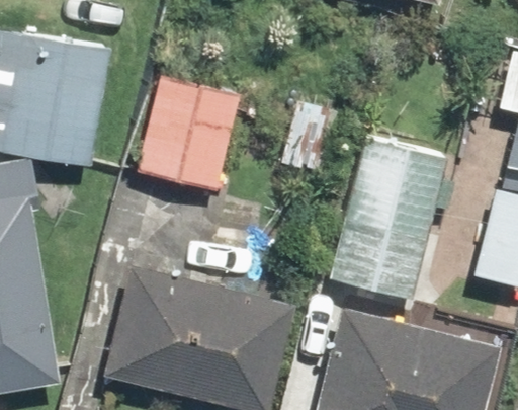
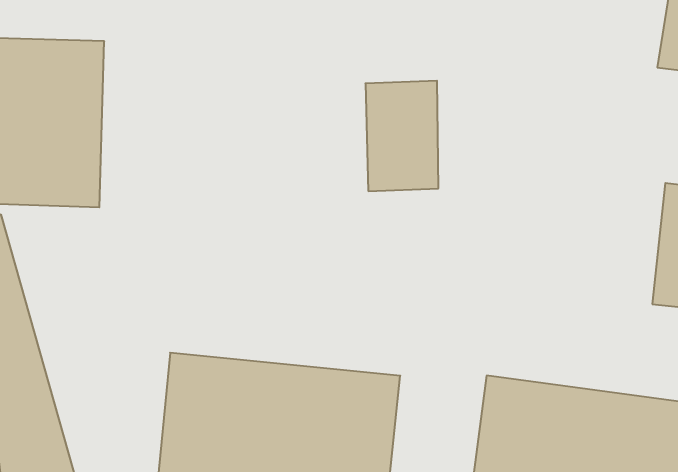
building: [140,75,240,191] -> none
building: [325,141,444,303] -> none

